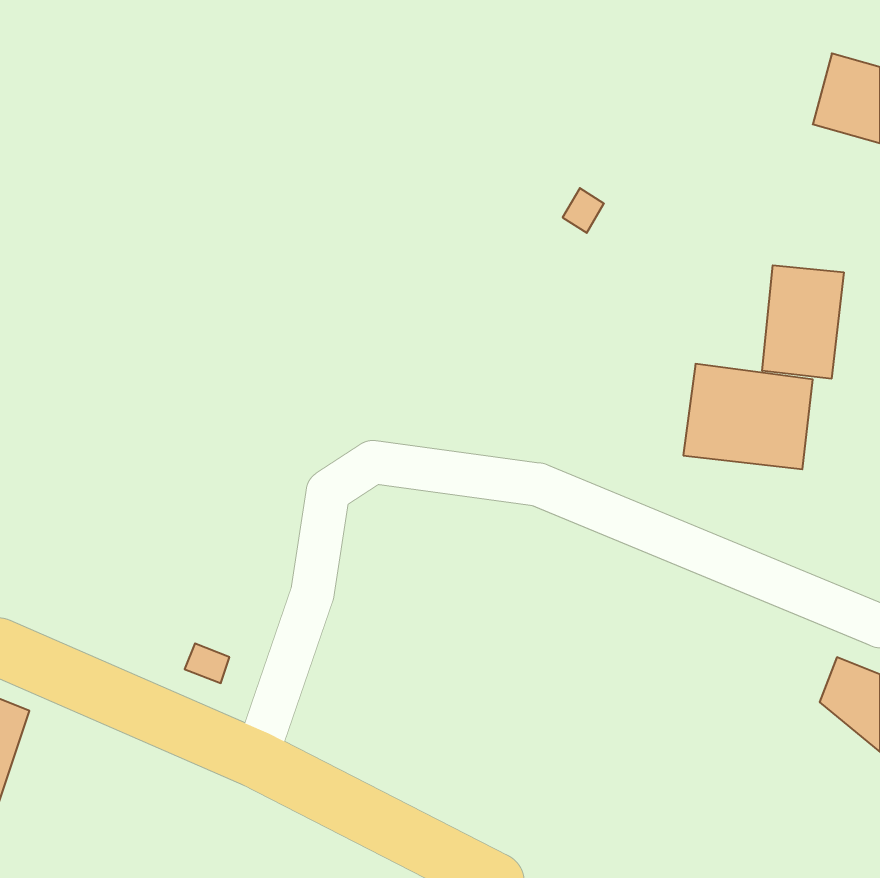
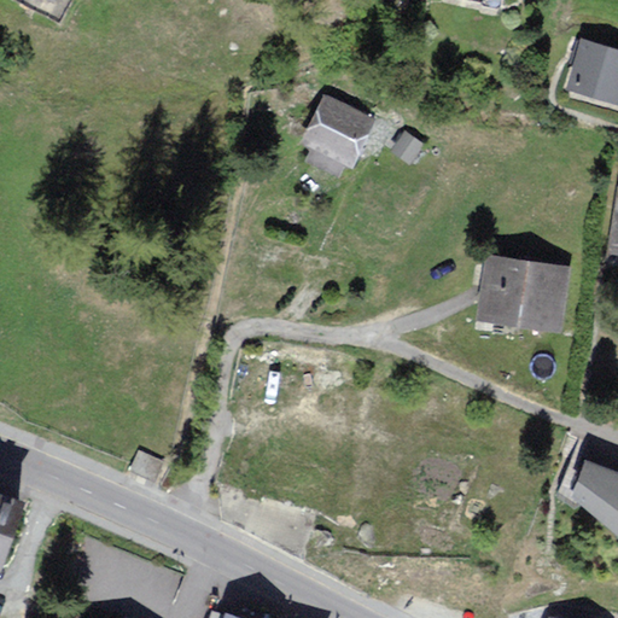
building: none -> [303,93,377,165]
building: [762,265,844,379] -> none

